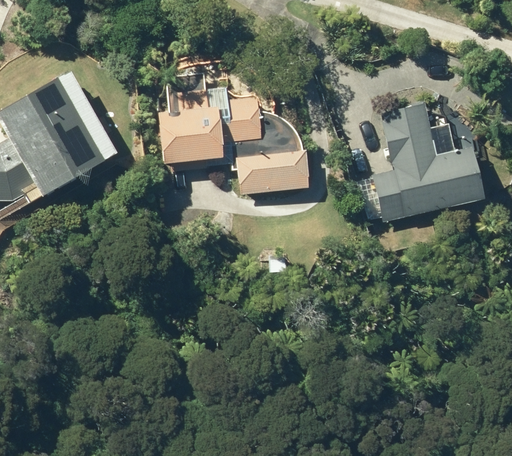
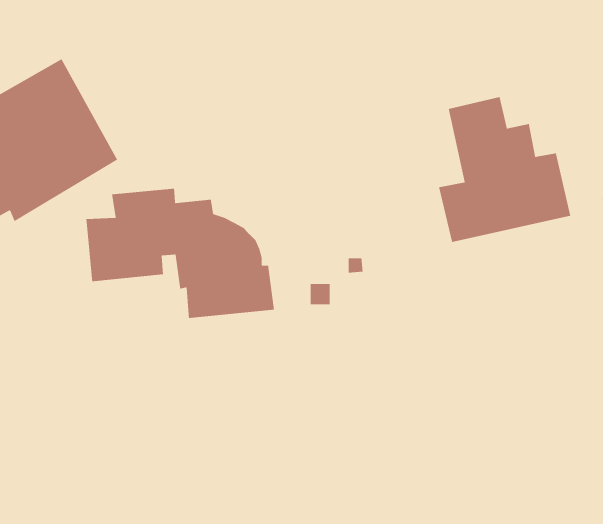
building: [157,88,312,195] -> [86,188,275,319]

